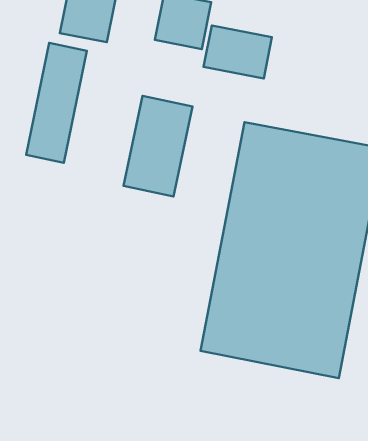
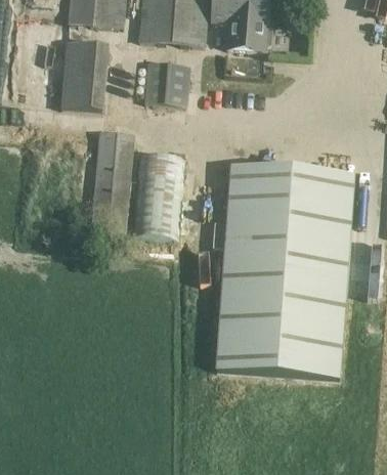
building: [204,25,272,79] -> none
building: [26,43,87,163] -> [91,130,133,233]

